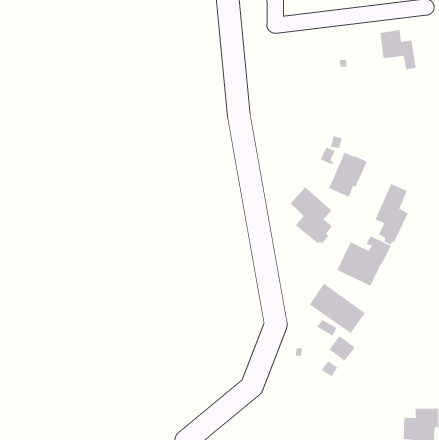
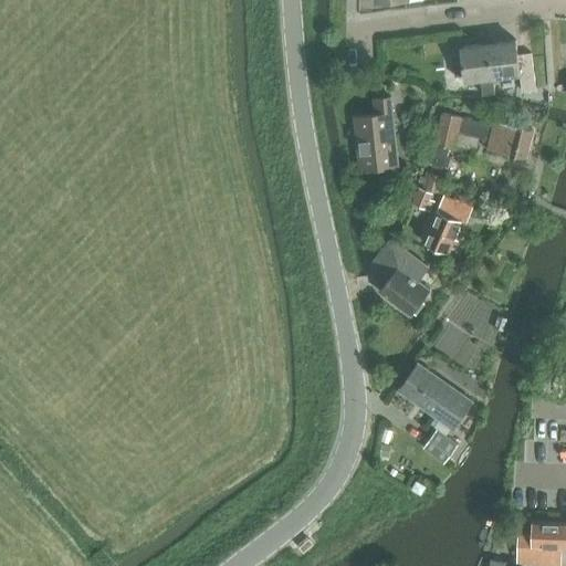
building: none -> [451,43,492,88]
building: none -> [357,95,398,170]
building: none -> [432,115,530,159]
building: [375,183,409,245] -> none

